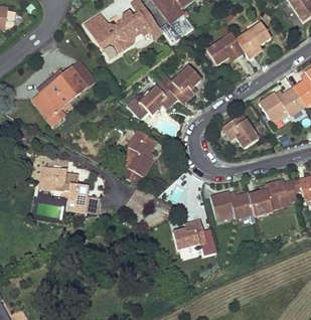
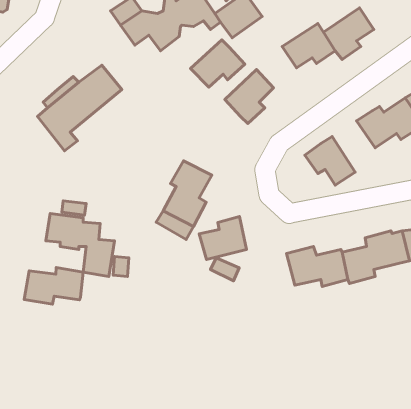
building: [139,82,177,115] -> [190,40,245,87]
building: none -> [24,268,83,304]
building: [172,219,205,250] -> [199,217,247,259]

